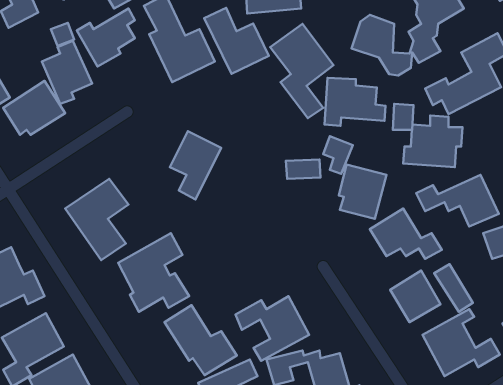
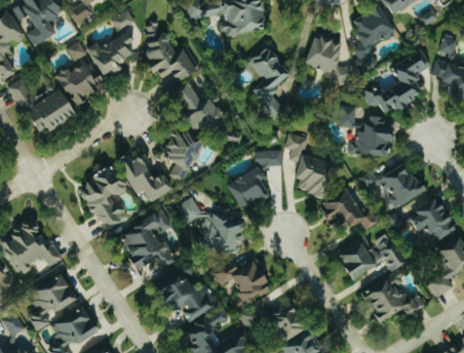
building: [204,8,269,74] -> [173,83,225,135]
building: [325,78,385,126] -> none
building: none -> [121,154,172,201]
building: none -> [228,168,272,212]
building: none -> [176,196,244,258]

